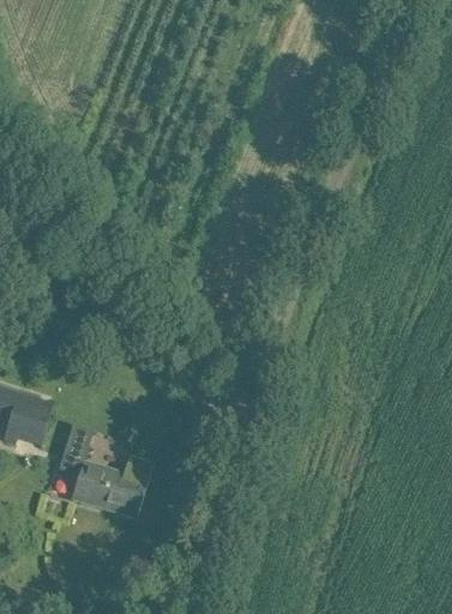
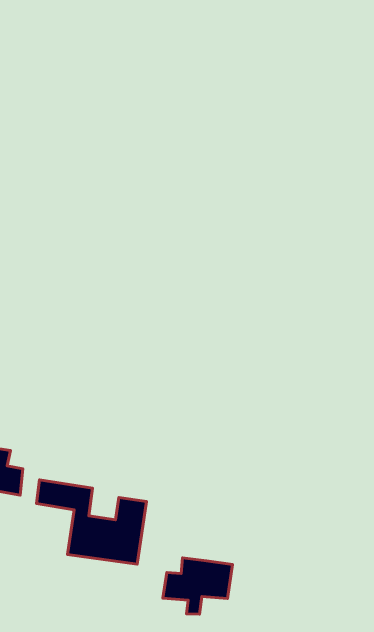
building: none -> [163,558,233,614]

